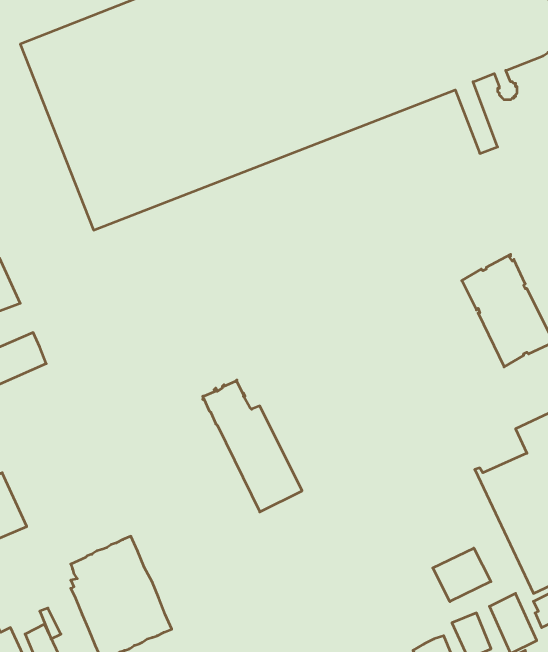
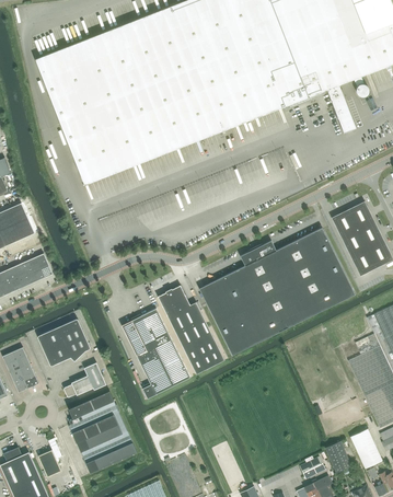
building: none -> [205,227,355,355]
building: none -> [122,308,190,398]
building: none -> [38,319,91,366]
building: none -> [63,362,106,396]
building: [433,548,491,602] -> none

